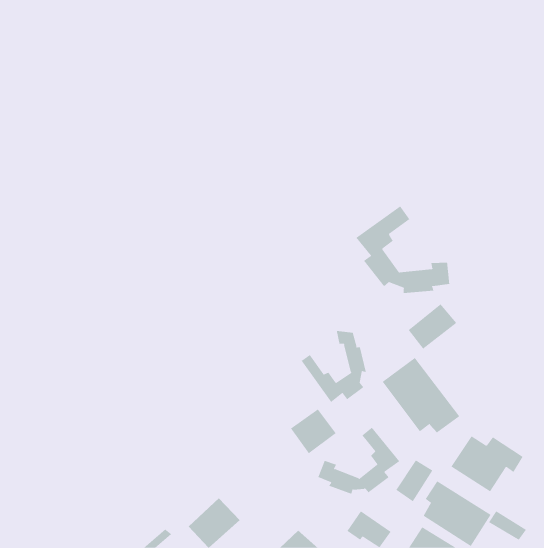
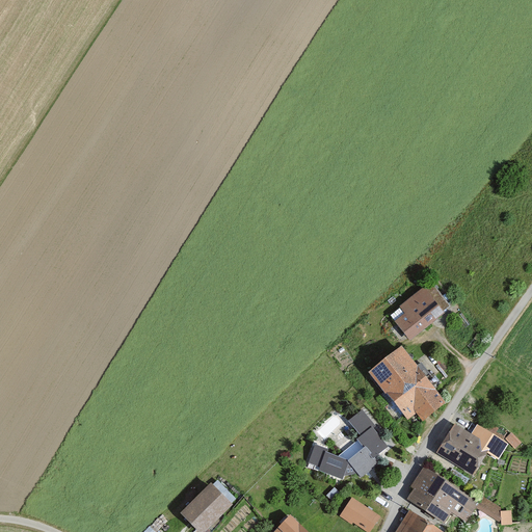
building: [356,206,450,294] -> none
building: [301,330,366,403] -> none
building: [290,409,336,454] -> none
building: [396,459,433,502] -> none

